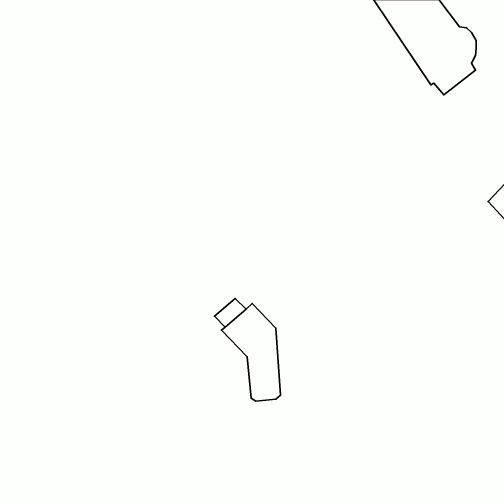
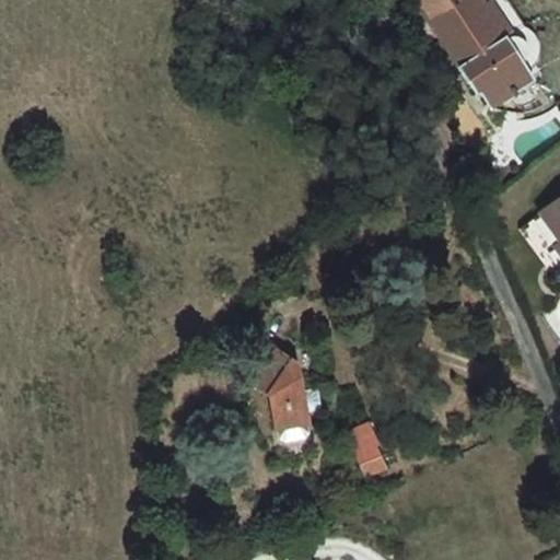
building: none -> [342,422,386,476]

